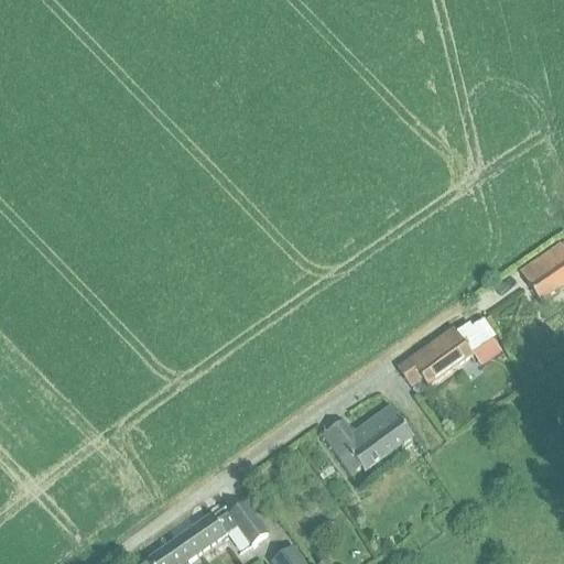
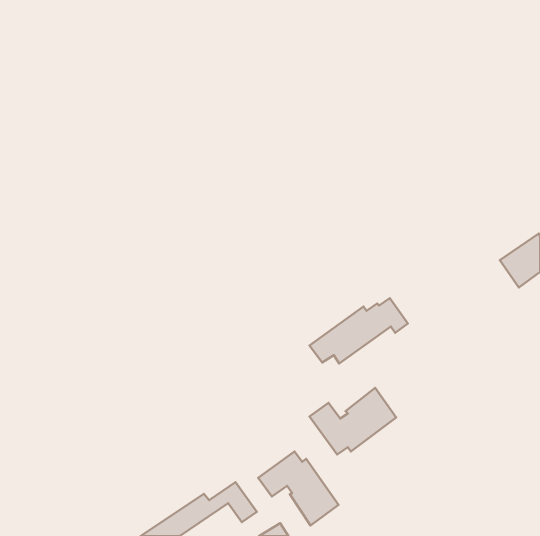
building: [398,317,500,386] -> [310,298,408,364]
building: none -> [258,452,338,525]

